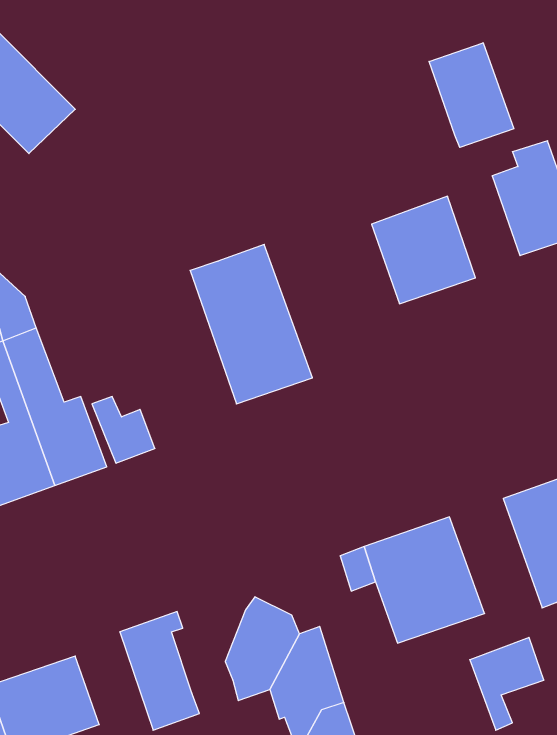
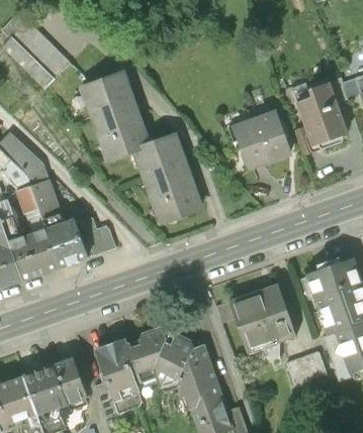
building: [429,43,514,147] -> none
building: none -> [81,72,149,158]
building: none -> [123,325,164,380]

